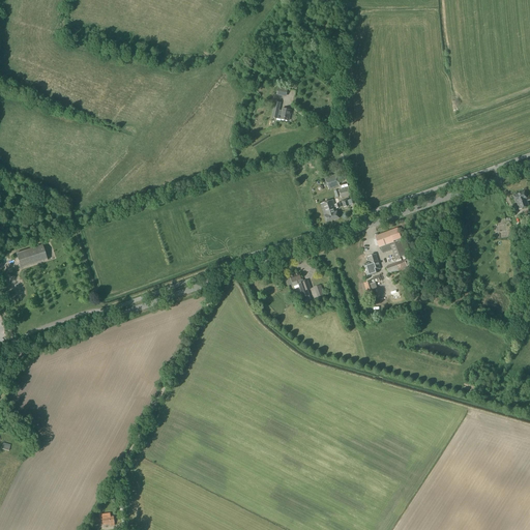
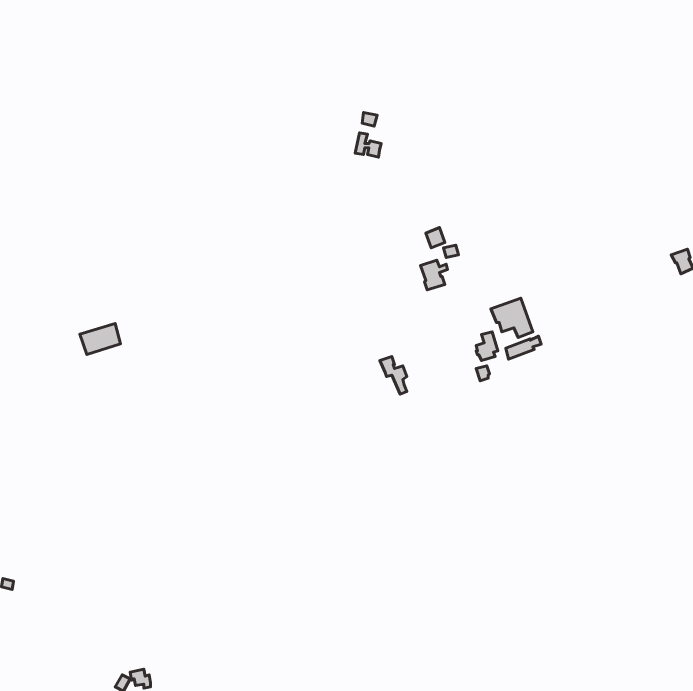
building: [16,244,47,268] -> [80,323,121,355]

